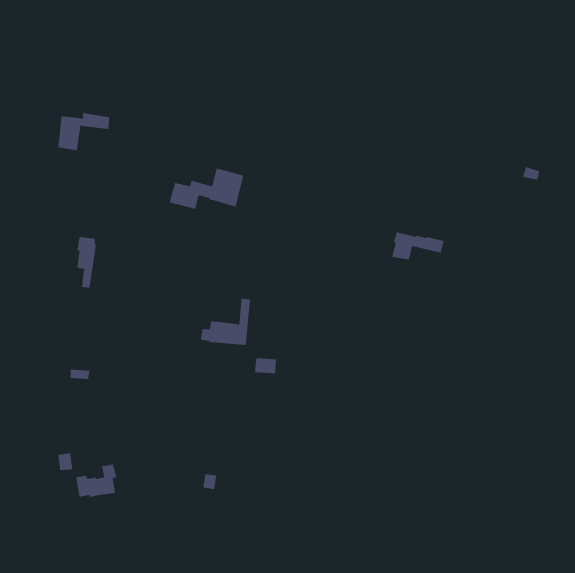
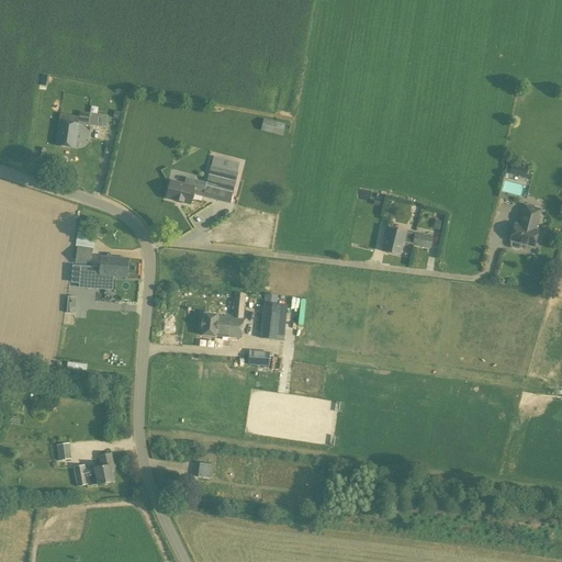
building: none -> [509,202,541,248]
building: none -> [100,256,127,277]
building: none -> [260,301,288,338]

